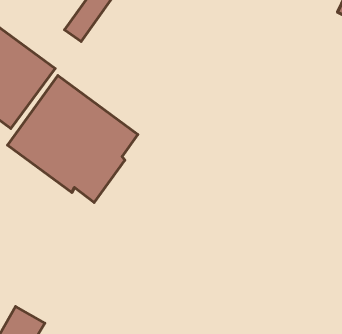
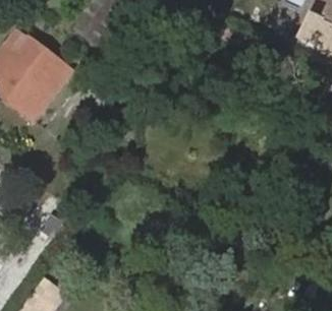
building: [7,75,138,202] -> none

